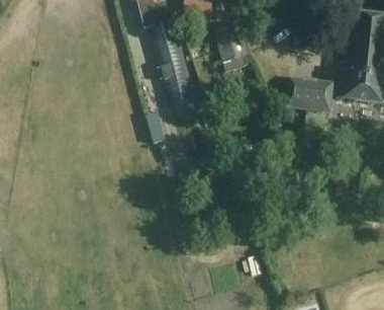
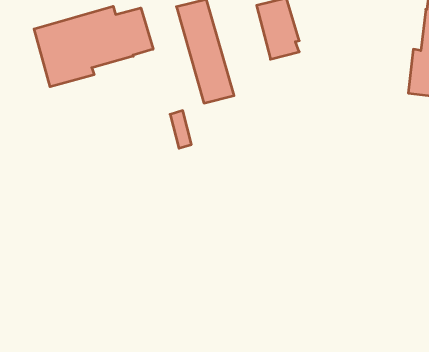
building: none -> [34,6,153,87]
building: [285,77,331,109] -> none

